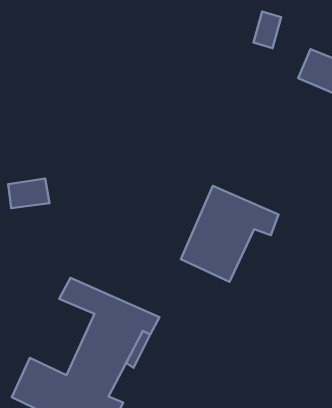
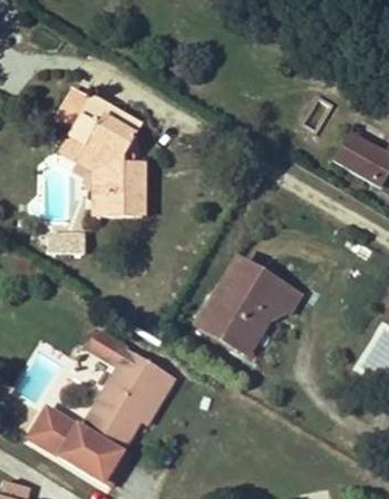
building: none -> [61,95,147,217]

